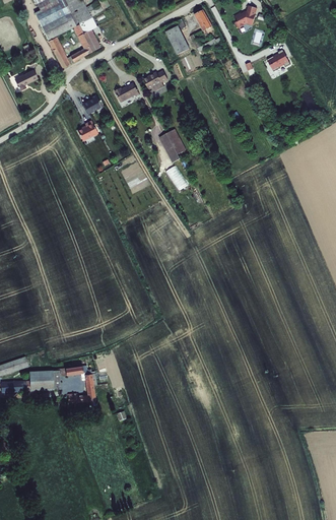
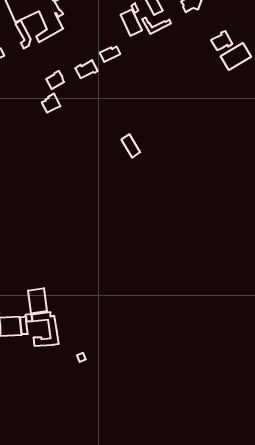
building: none -> [221,43,251,70]
building: [158,129,187,164] -> none
building: none -> [28,288,47,314]

